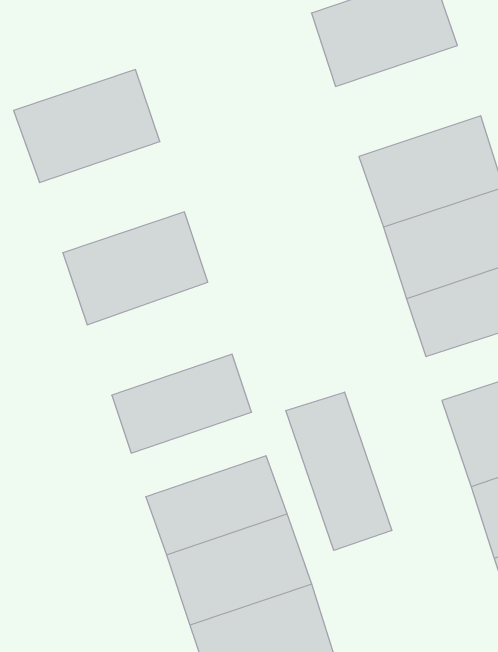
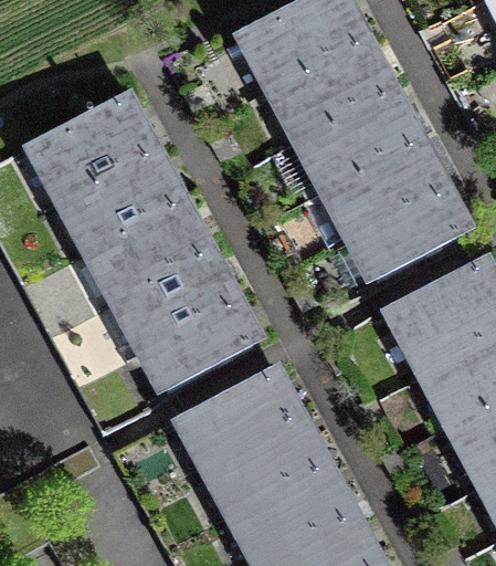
building: none -> [273,40,386,136]
building: none -> [63,150,176,247]
building: none -> [117,250,230,347]
building: [286,392,392,550] -> none

